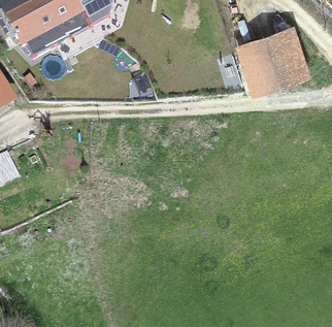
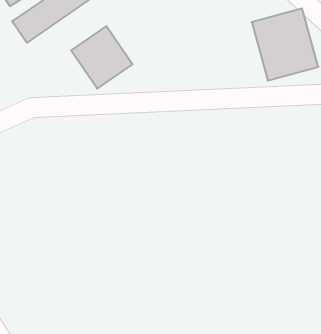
building: none -> [71,26,133,89]

